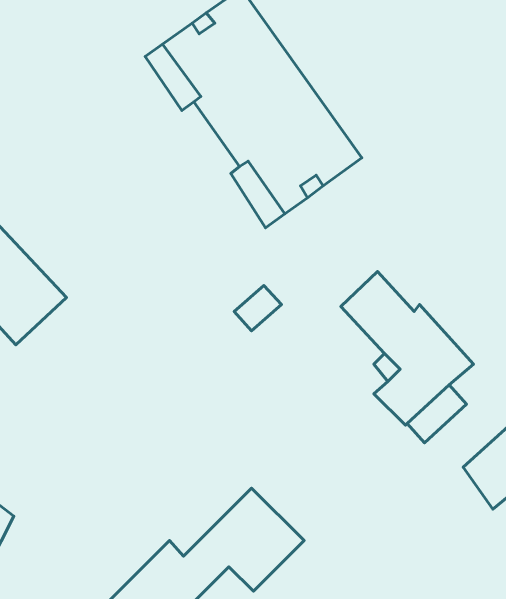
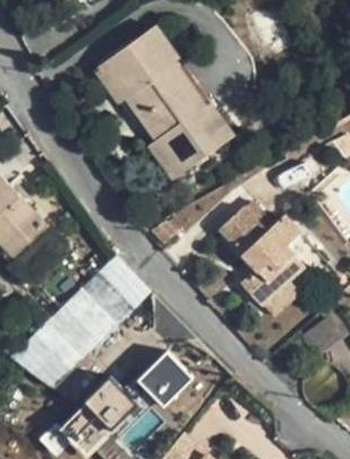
building: none -> [12,253,150,393]

